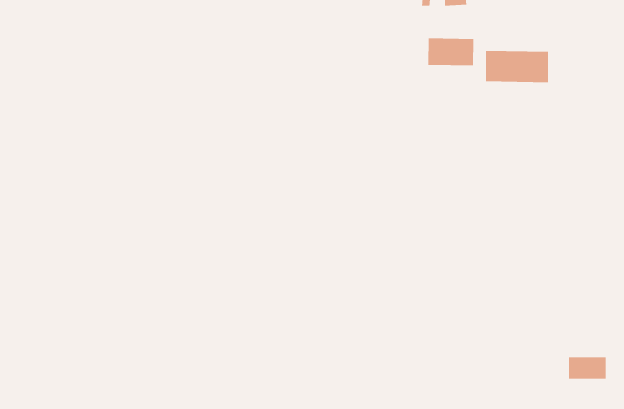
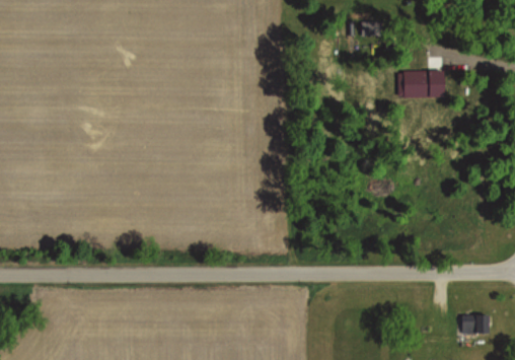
building: [427,38,474,66] -> none

